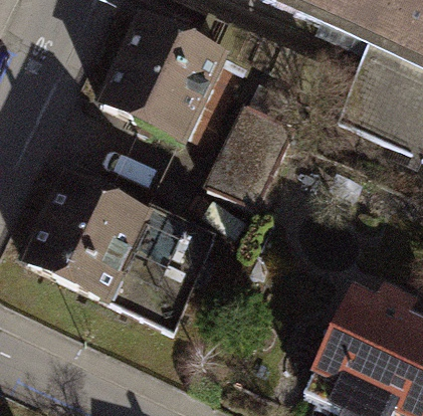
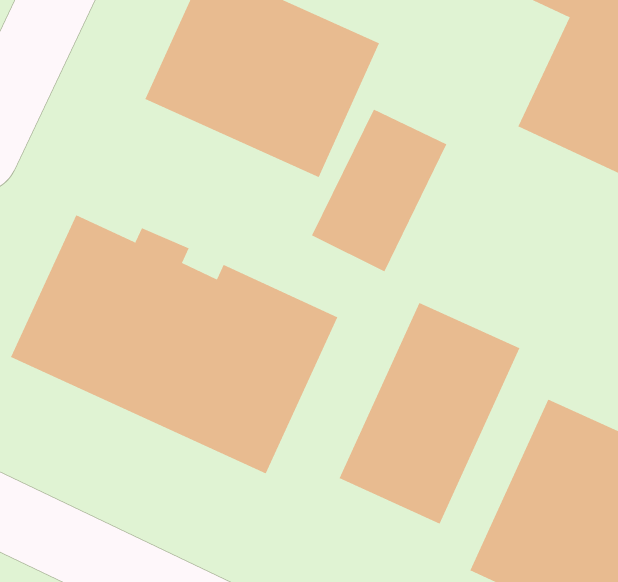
building: none -> [339,302,520,524]

